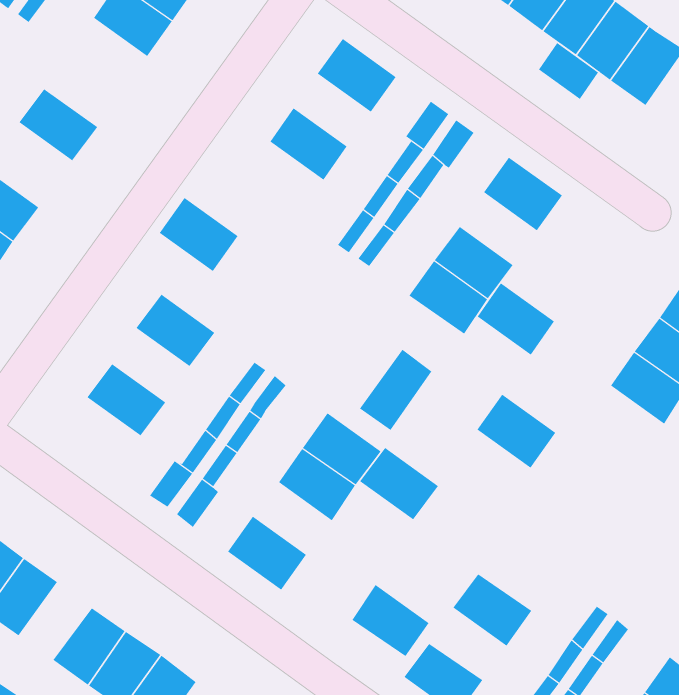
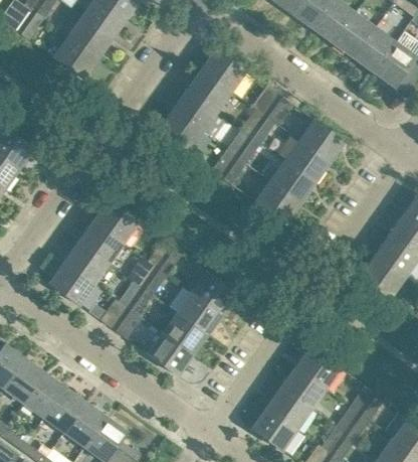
building: [538,42,599,100] -> none
building: none -> [185,69,231,113]
building: [18,88,98,161] -> [51,36,98,80]
building: [159,197,238,272] -> [156,110,203,154]
building: [477,283,555,355] -> [283,140,330,183]
building: none -> [77,220,124,265]
building: [359,349,432,431] -> none
building: [477,394,556,469] -> [358,255,405,299]
building: none -> [47,262,94,306]
building: [359,447,439,520] -> [161,312,208,355]
building: none -> [294,345,341,389]
building: none -> [22,371,65,418]
building: [352,584,429,657] -> [265,387,311,430]

